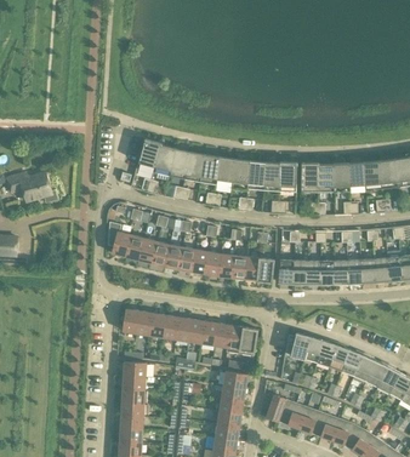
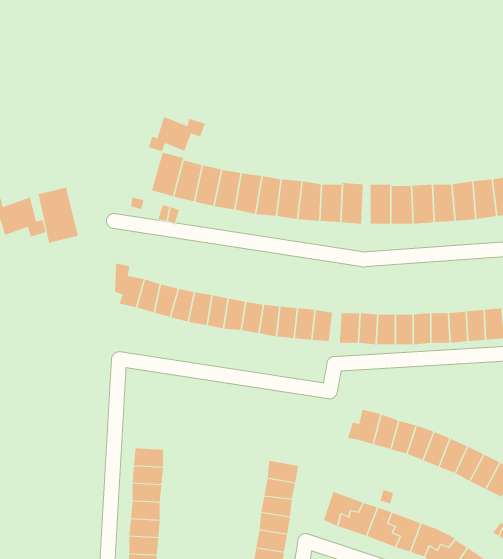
building: none -> [148,116,206,152]
building: none -> [37,187,78,243]
building: [121,308,257,355] -> none

